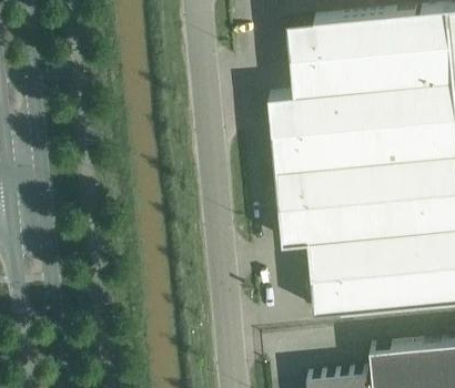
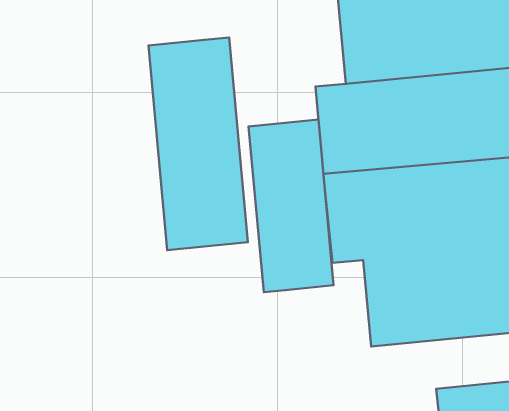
building: none -> [148,38,248,250]
building: none -> [249,120,334,292]

